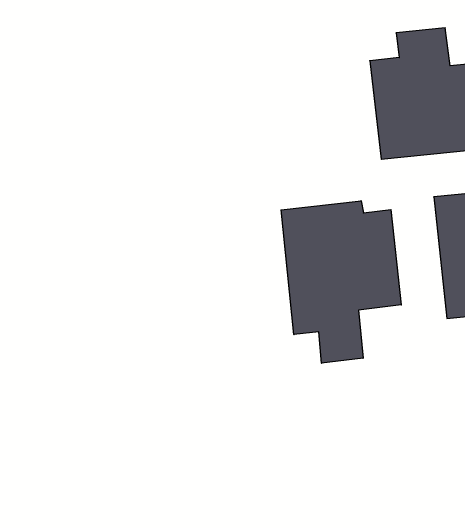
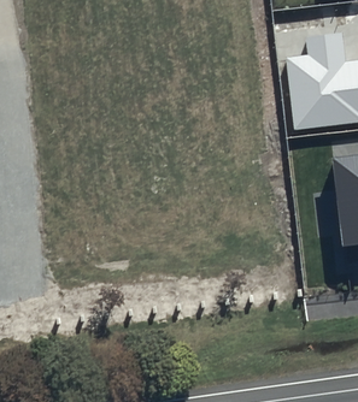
building: [281,201,401,363] -> none

